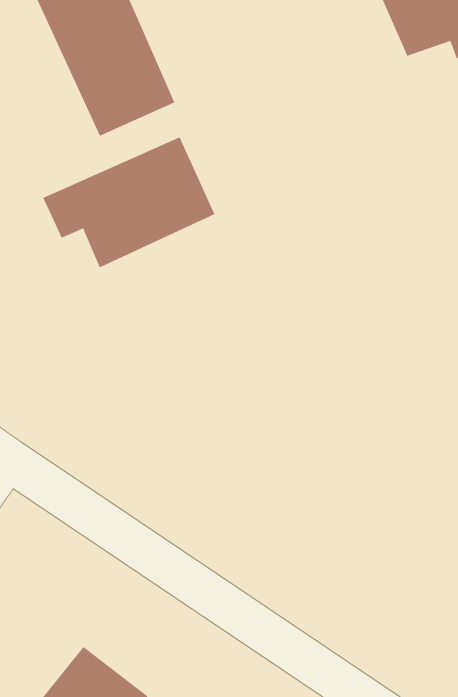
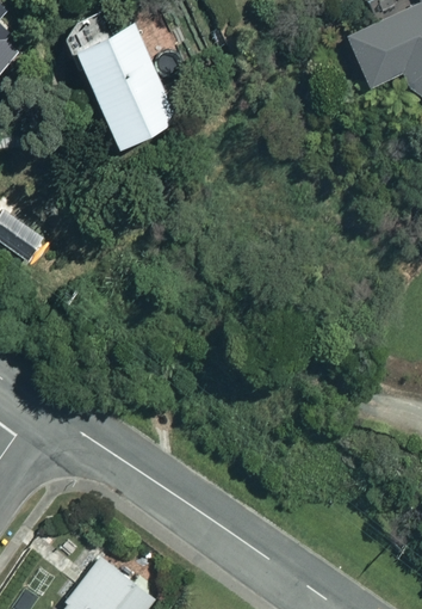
building: [43,137,215,268] -> none

